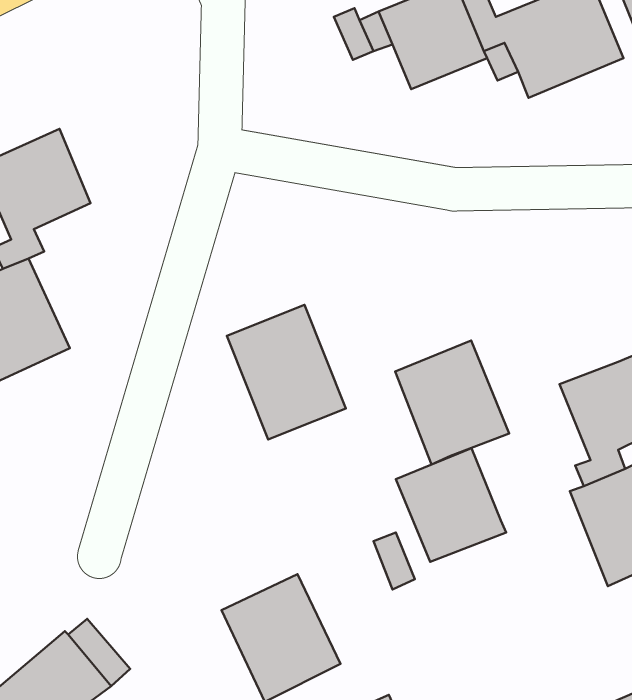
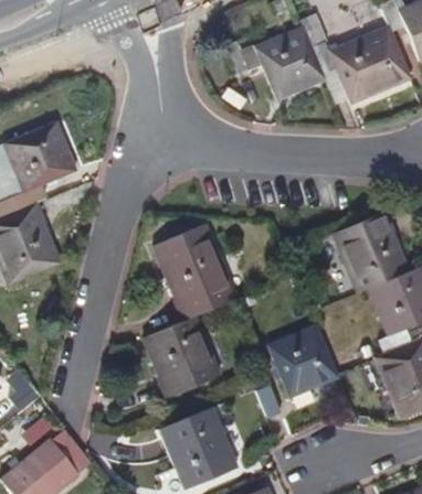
building: [395,340,509,465] -> [336,210,409,289]
building: none -> [143,314,221,395]

